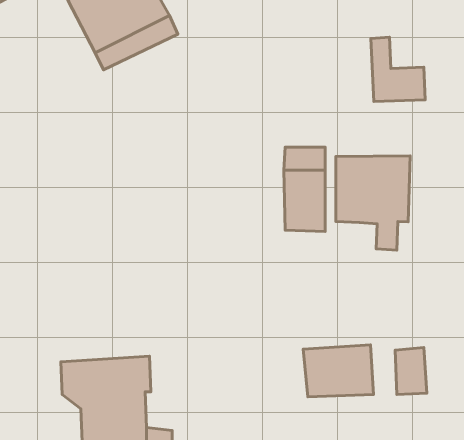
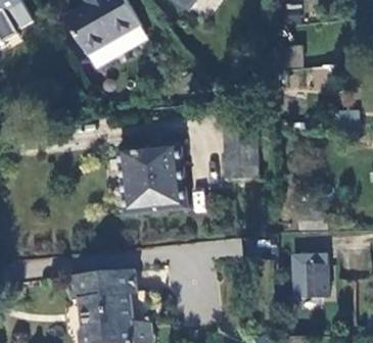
building: [336,156,410,250] -> none
building: none -> [115,144,181,214]
building: [303,345,374,397] -> none

